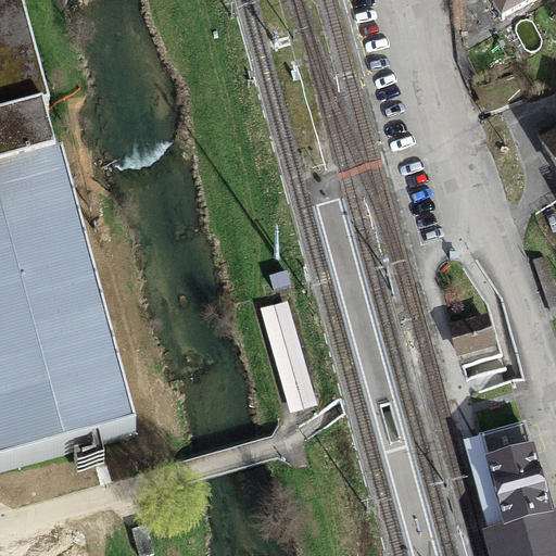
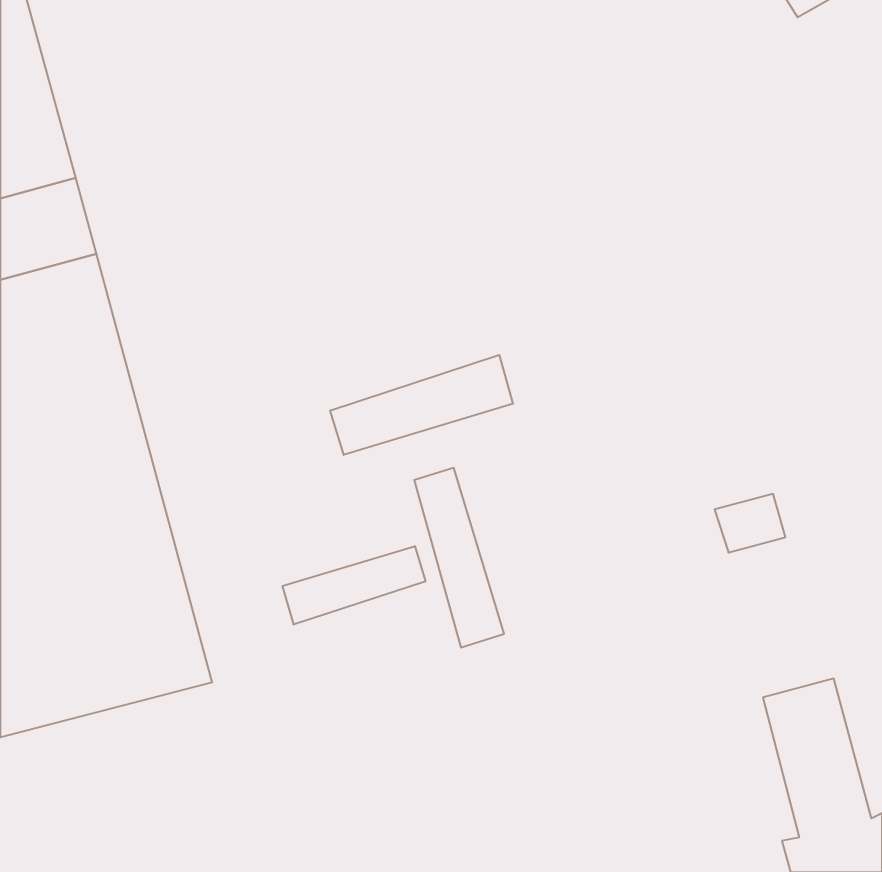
building: none -> [330,355,513,455]
building: none -> [283,546,425,625]

